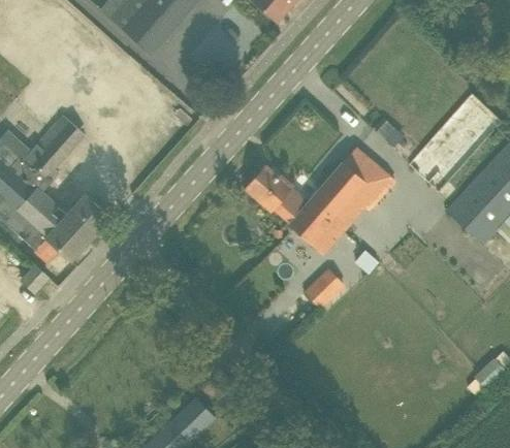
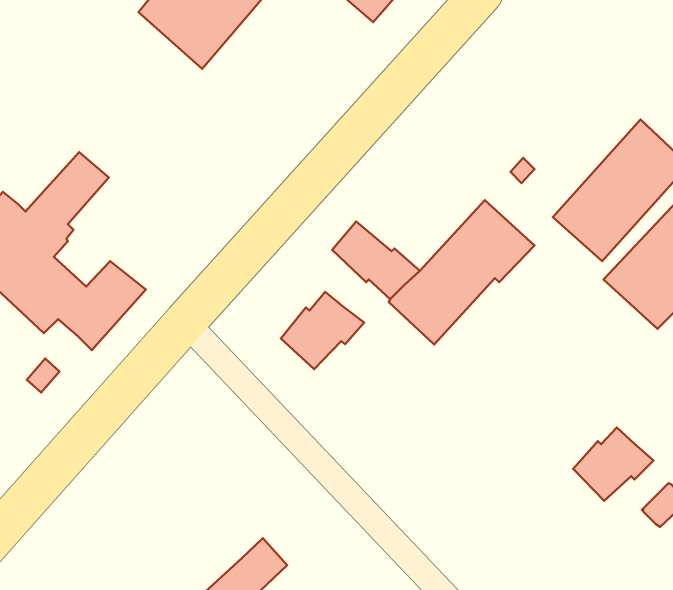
building: none -> [281,292,364,369]
building: [305,268,344,307] -> none
building: none -> [573,427,654,501]

